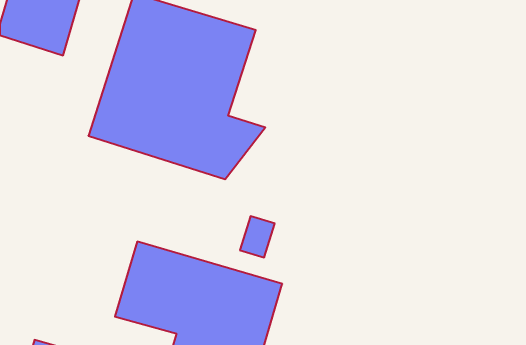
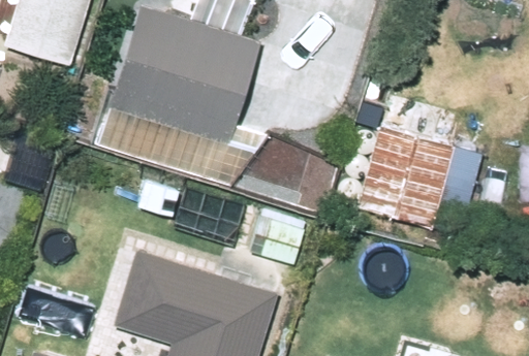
building: none -> [355,126,466,231]

